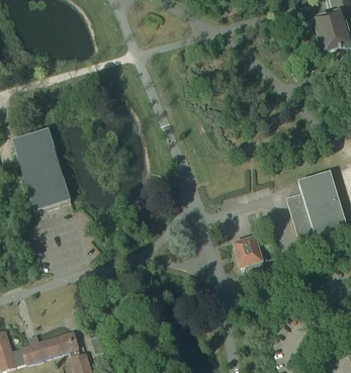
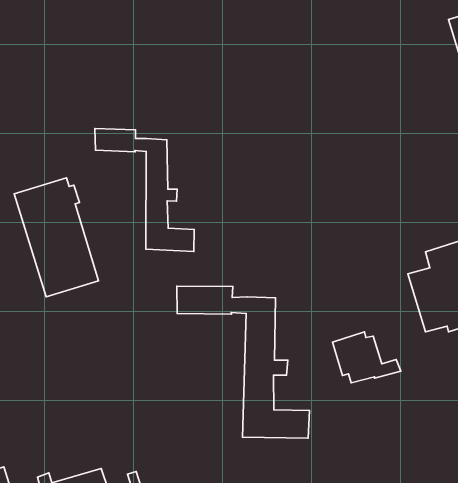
building: none -> [95,128,194,251]
building: none -> [177,286,310,438]

